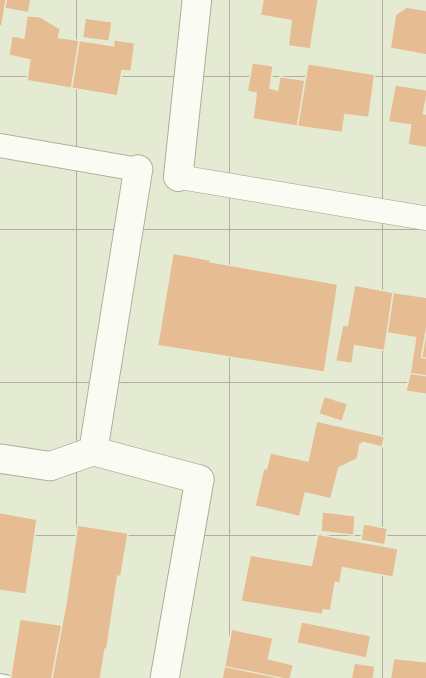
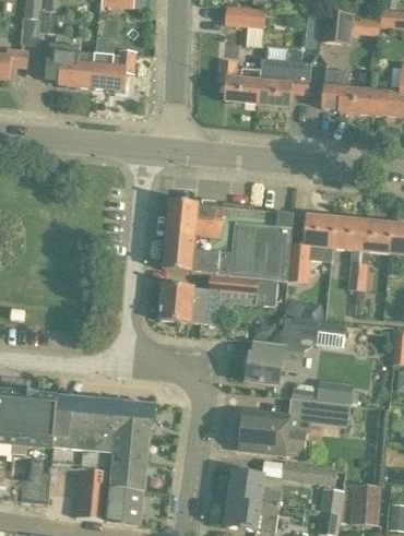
building: none -> [161,273,276,324]
building: none -> [83,401,117,457]

